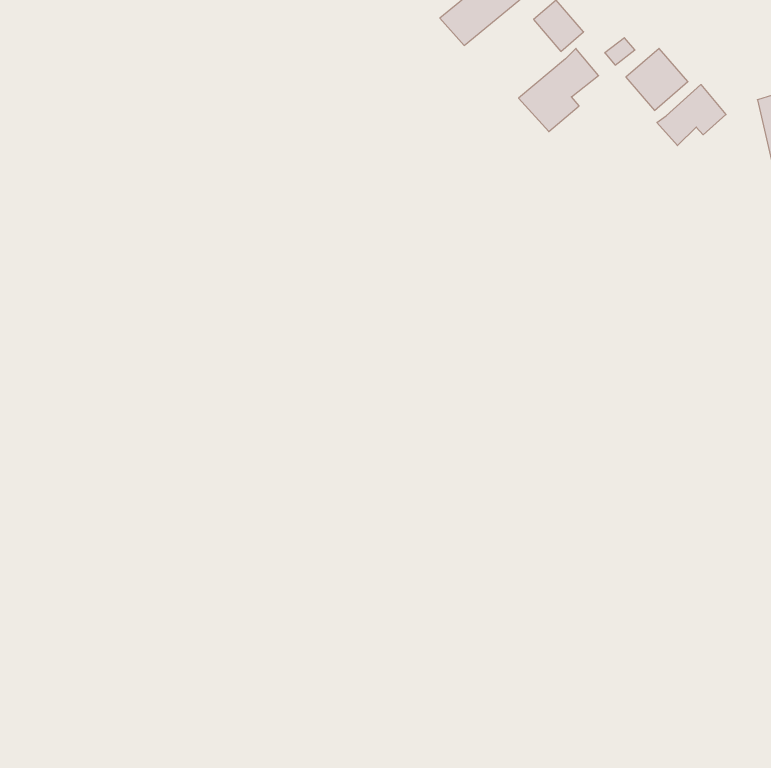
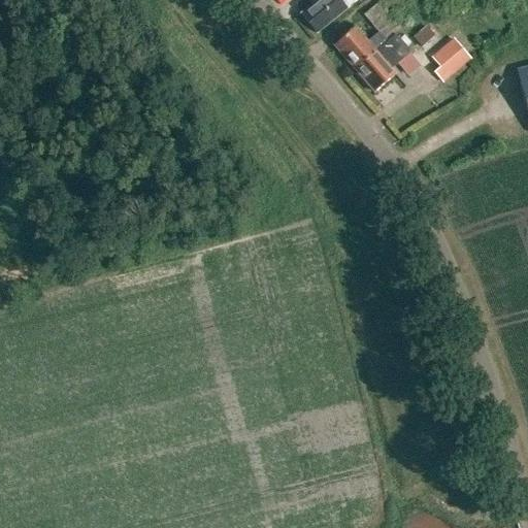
building: none -> [335,26,387,67]
building: [657,85,726,146] -> none

